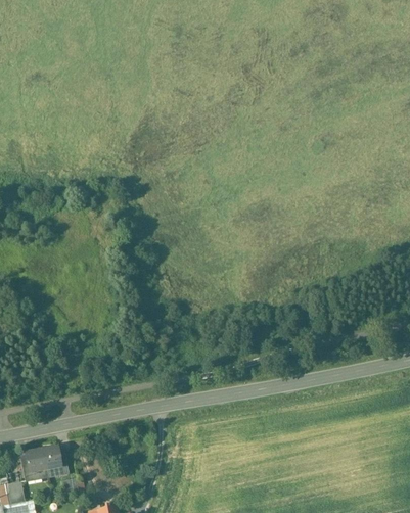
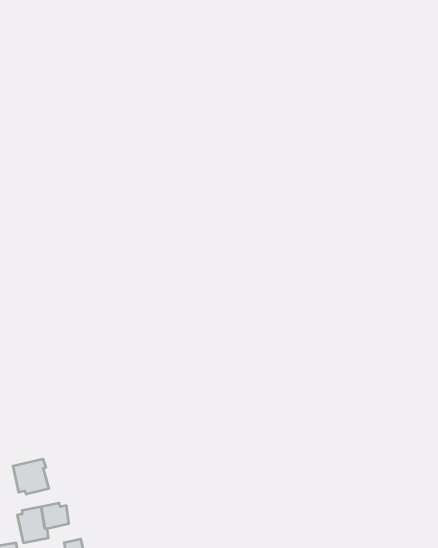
building: none -> [13,459,49,494]

